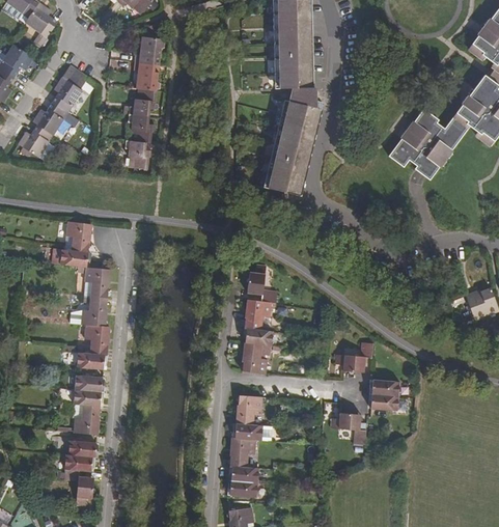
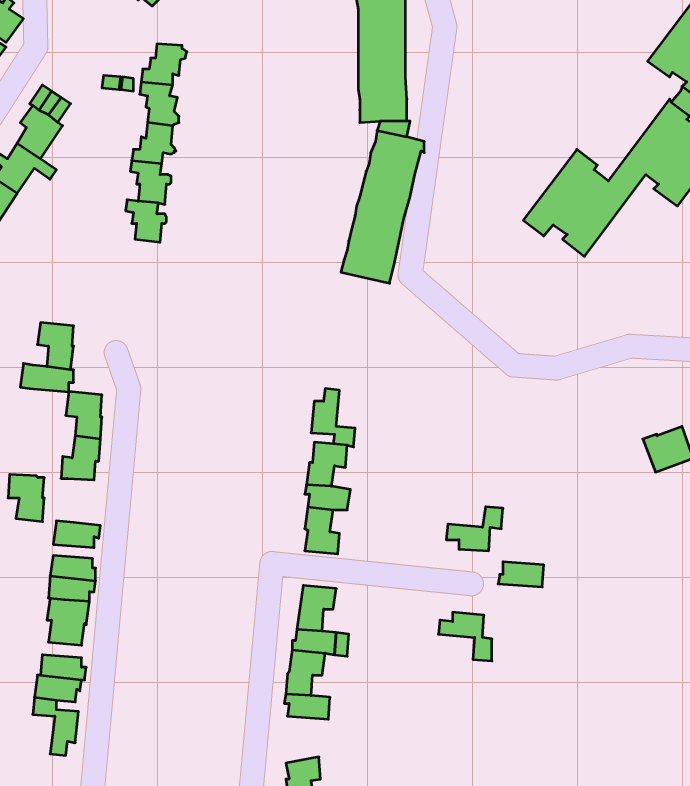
building: [85,324,109,355] -> [8,474,44,522]
building: [370,393,399,410] -> none
building: [227,480,258,497] -> none

